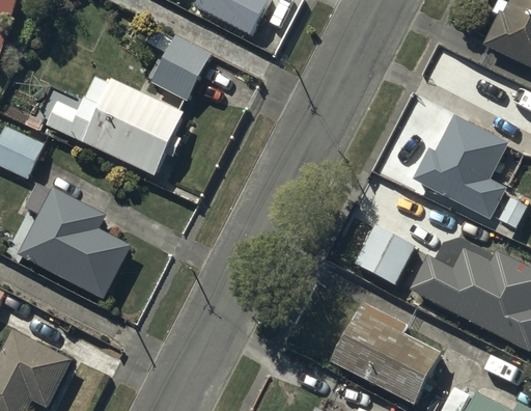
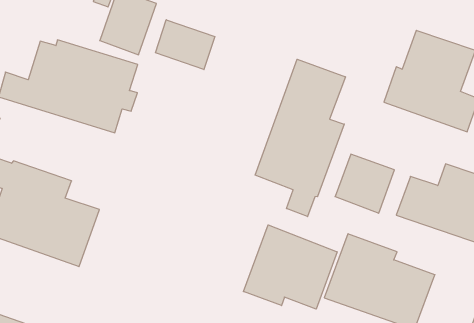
building: none -> [155,20,215,70]
building: none -> [255,59,345,217]
building: none -> [243,225,337,309]

